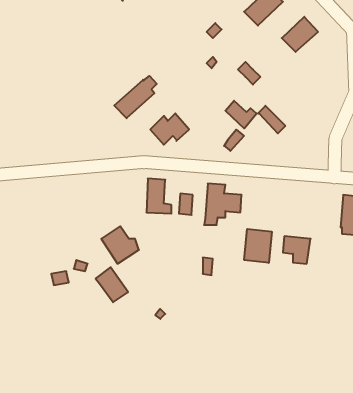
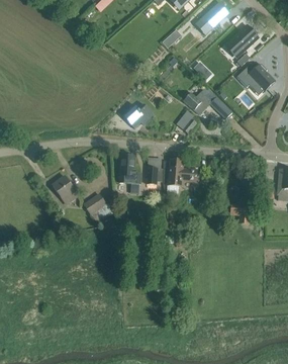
building: none -> [235,63,275,91]
building: [114,76,157,118] -> none
building: [244,229,272,263] -> none
building: [96,267,128,302] -> [52,175,78,203]

